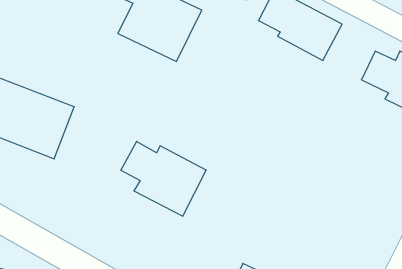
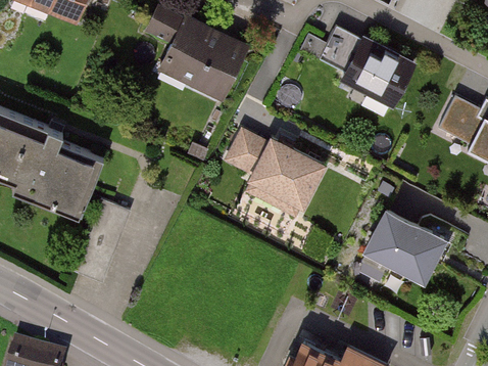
building: [121,141,206,216] -> [225,129,325,217]
building: none -> [358,204,447,284]

